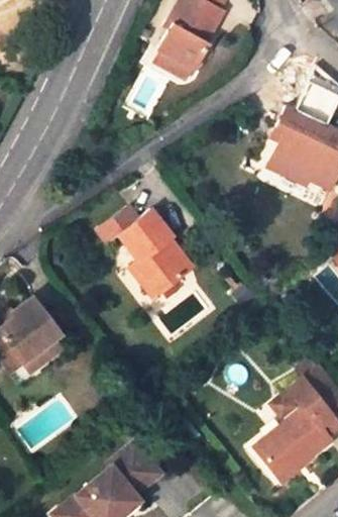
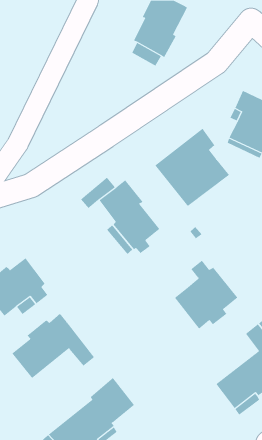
building: none -> [155,128,230,207]
building: none -> [174,260,238,329]
building: none -> [11,313,95,379]

